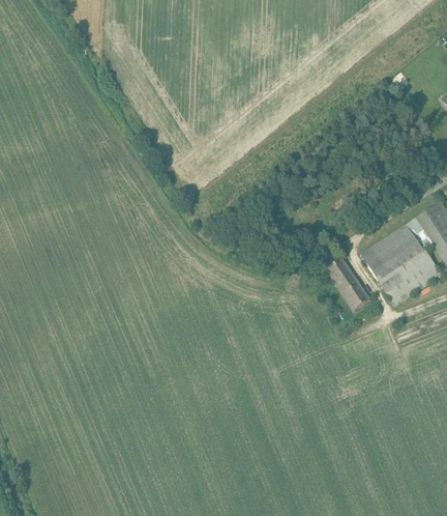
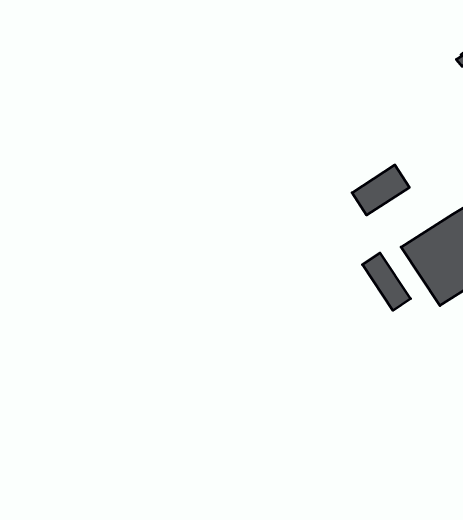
building: none -> [352,165,409,215]

